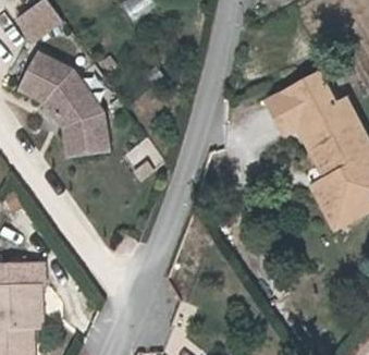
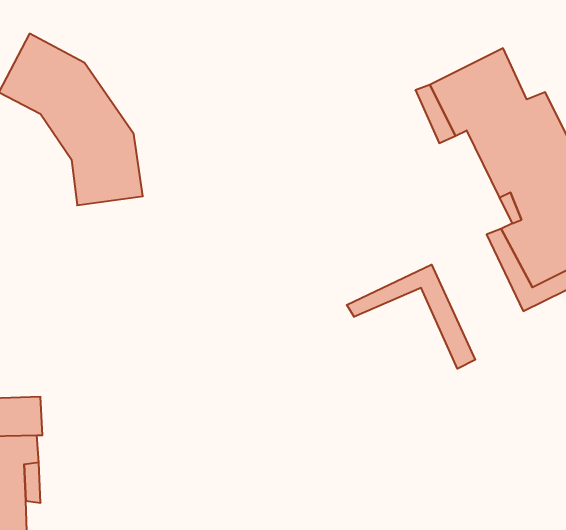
building: none -> [347,265,475,369]

